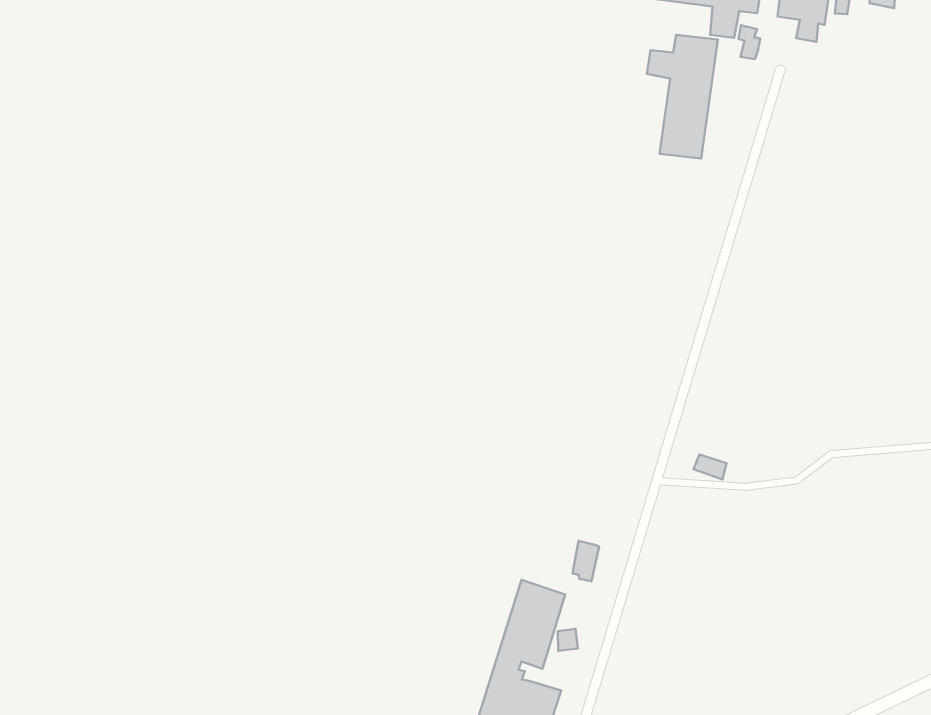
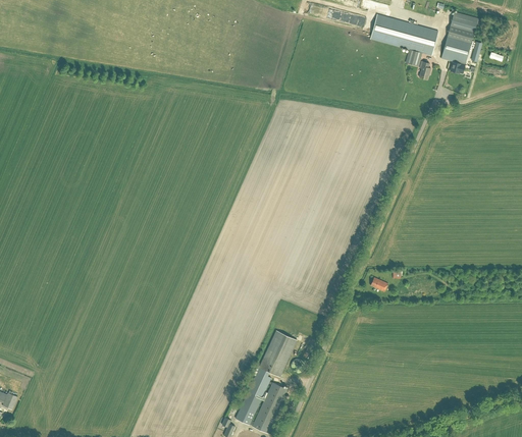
building: [647,35,718,159] -> none

